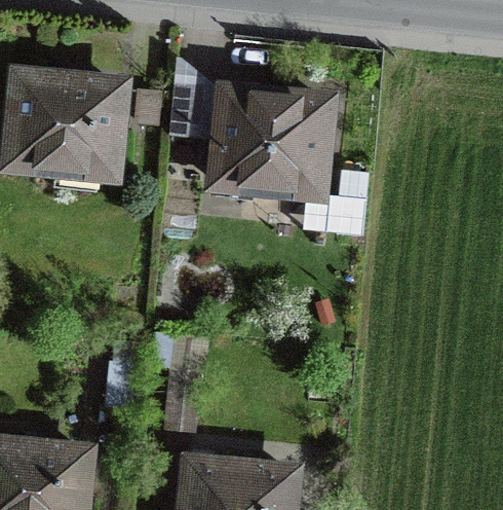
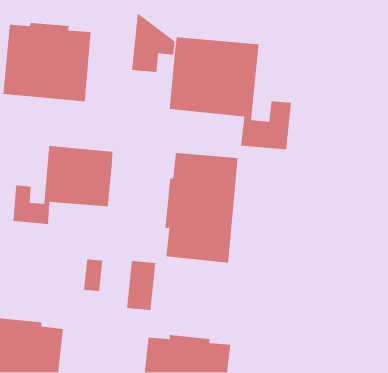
building: none -> [13,145,113,225]
building: none -> [165,152,239,264]

